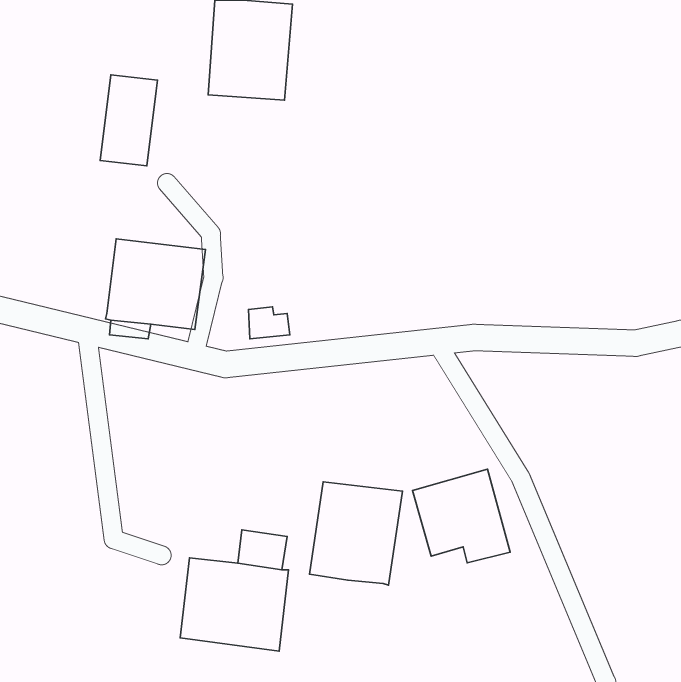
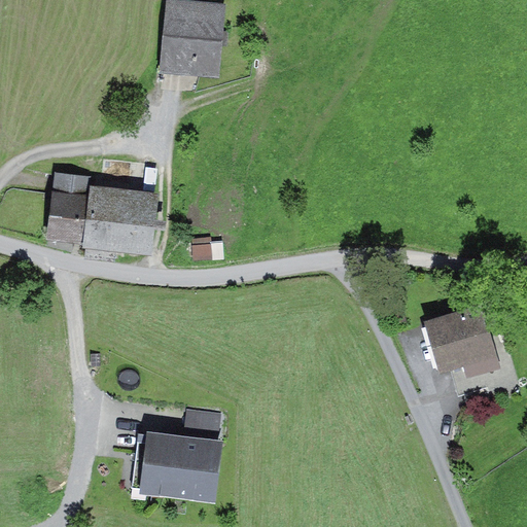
building: [100,75,158,166] -> [46,172,91,242]
building: [413,469,510,563] -> [424,305,499,377]
building: [309,482,402,585] -> none

